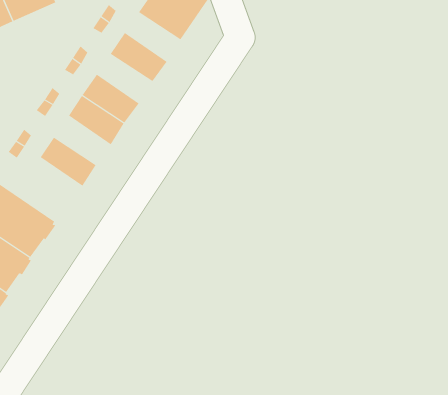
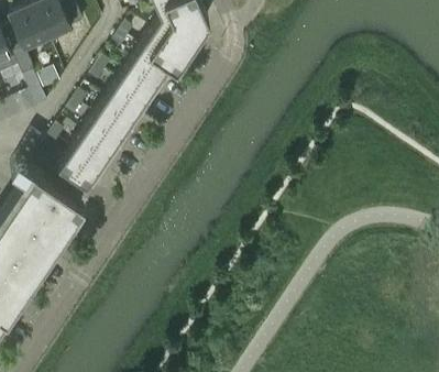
building: none -> [140,30,186,70]
building: none -> [117,64,163,105]
building: none -> [81,114,129,155]
building: none -> [58,149,106,190]

